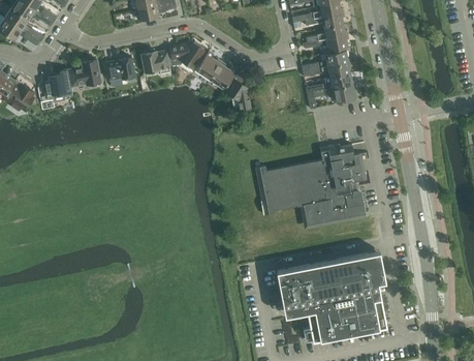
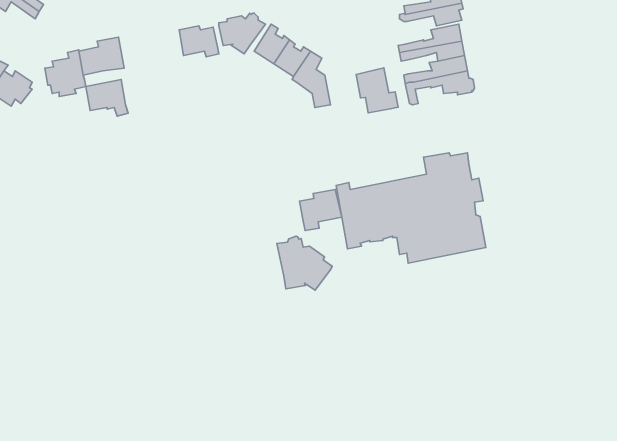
building: [106,58,137,85] -> [86,79,128,116]
building: none -> [356,68,398,113]
building: none -> [300,190,342,231]
building: none -> [277,236,332,290]
building: [277,253,387,342] -> none

